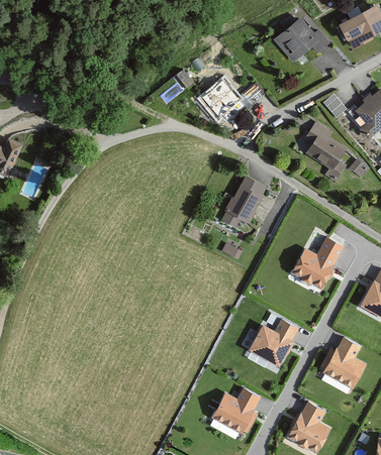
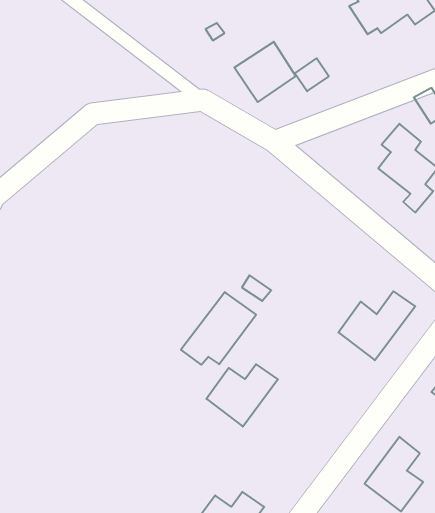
building: [219,177,267,228] -> [181,292,256,365]
building: [252,318,298,361] -> [206,364,278,427]

